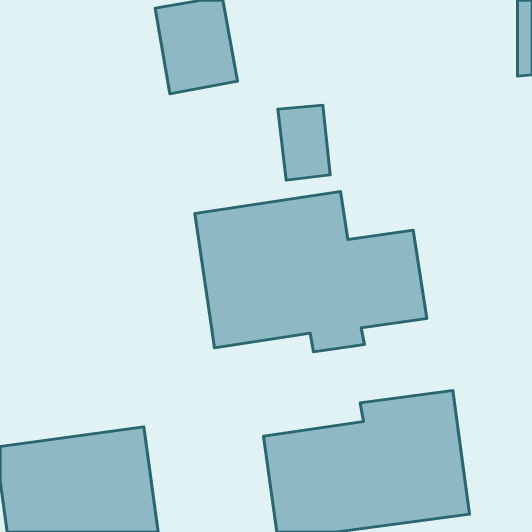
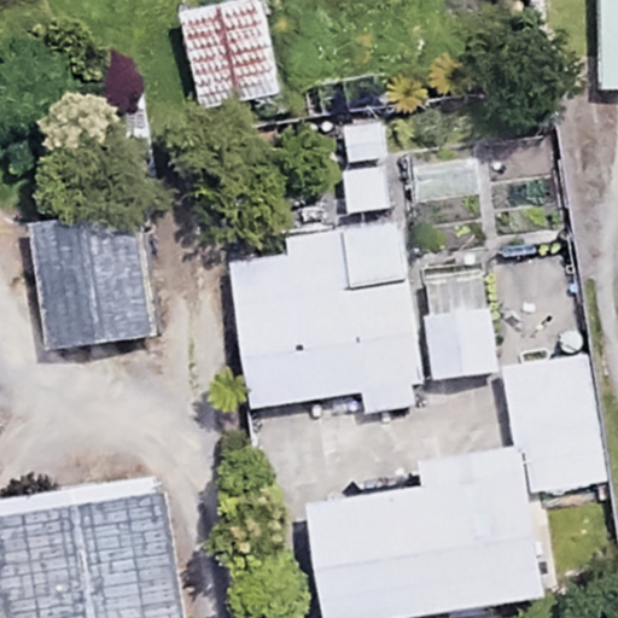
building: none -> [36,216,154,348]
building: none -> [502,356,596,486]

